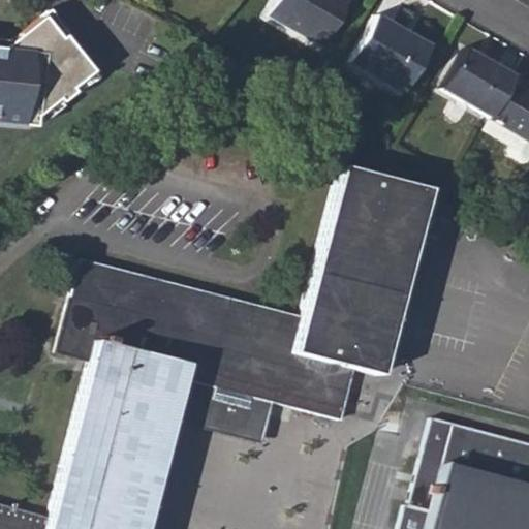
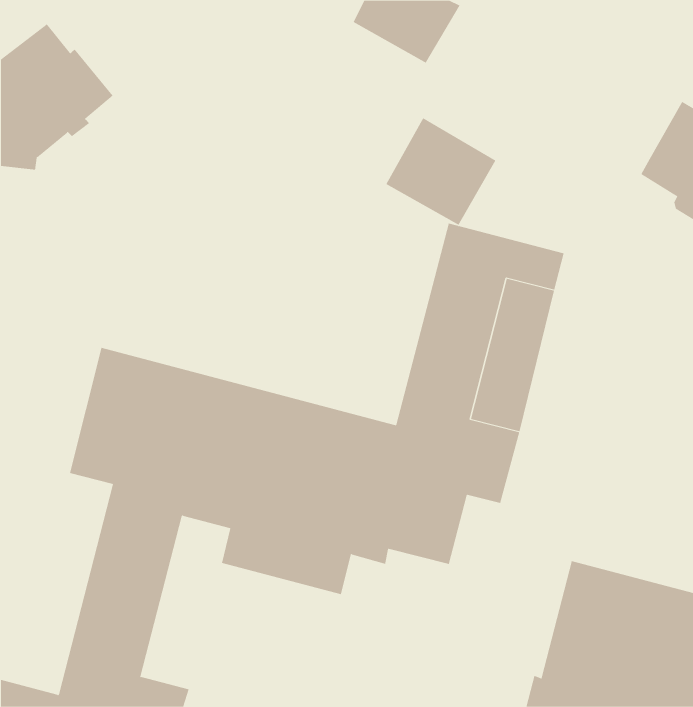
building: [353,14,436,95] -> [385,118,496,226]
building: [445,48,520,119] -> none
building: [116,385,182,515] -> none

